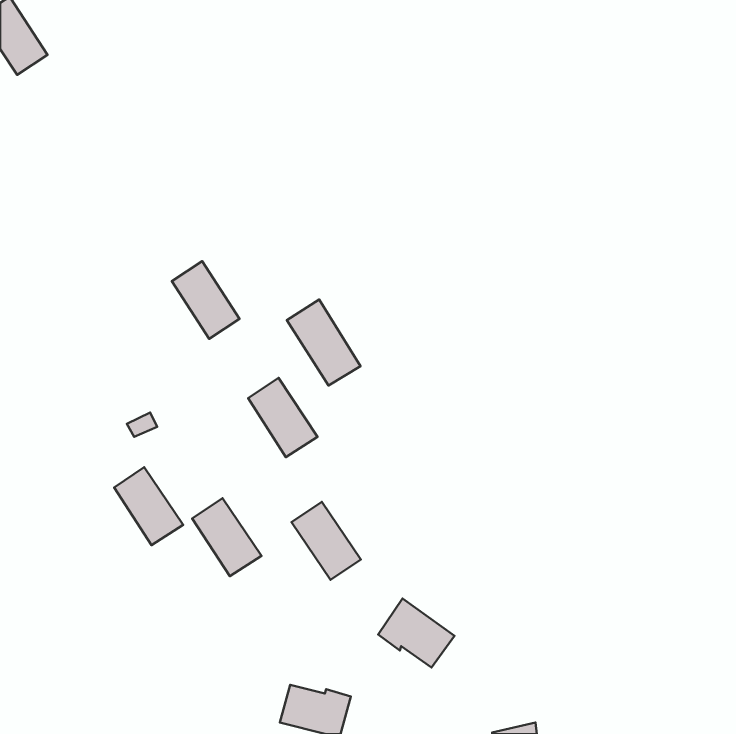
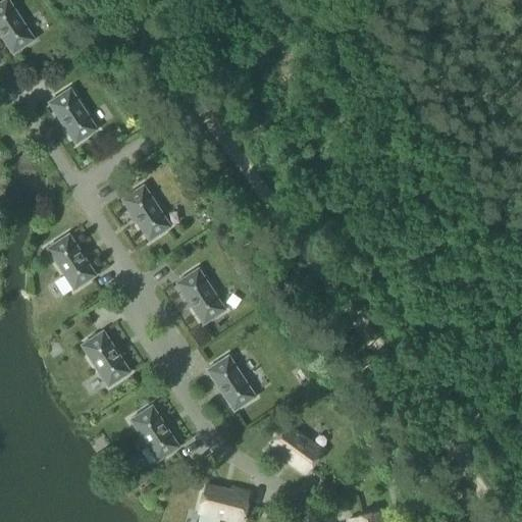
building: none -> [49,88,97,144]
building: [287,300,360,385] -> none
building: none -> [47,233,96,289]
building: [192,498,261,576] -> [130,405,179,460]

